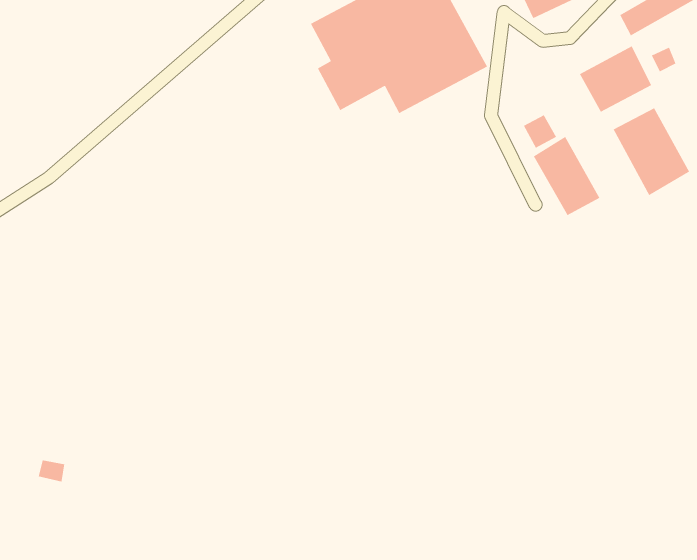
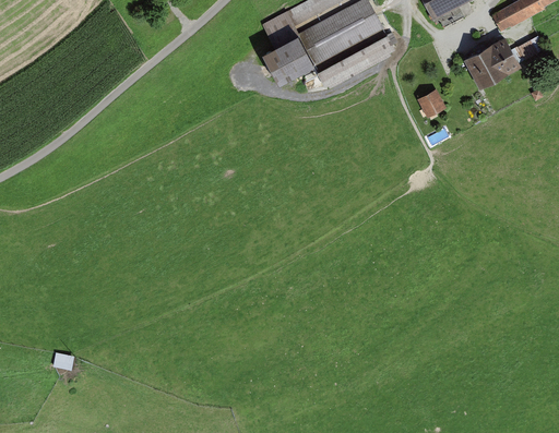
building: [612,107,690,196] -> none
building: [533,136,601,216] -> none

